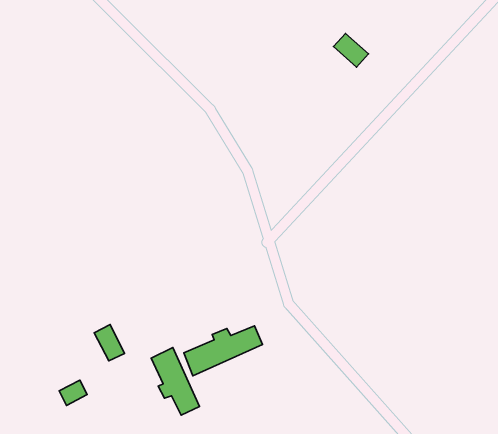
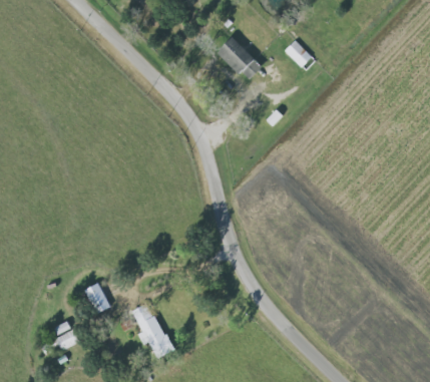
building: none -> [219,37,263,81]
building: [184,326,262,376] -> none

